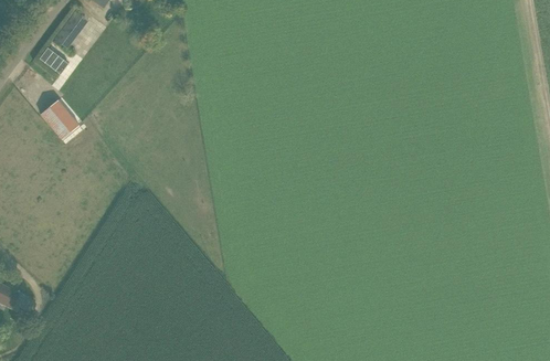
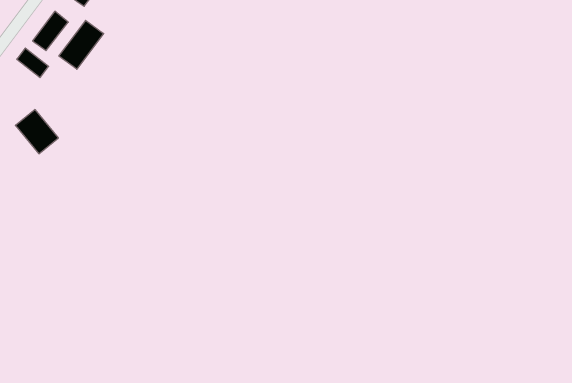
building: none -> [59,20,104,69]

